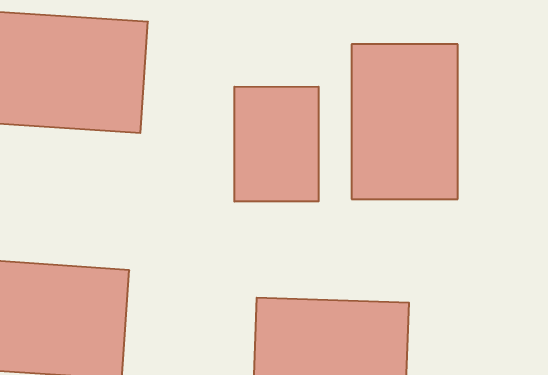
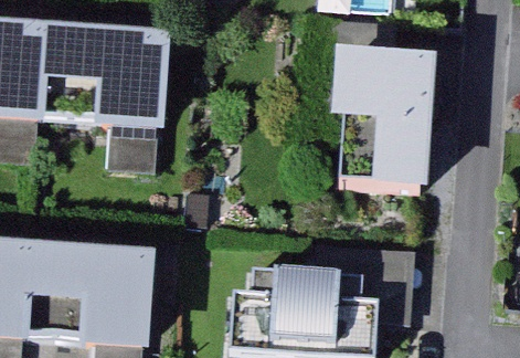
building: [234,87,319,202] -> none

